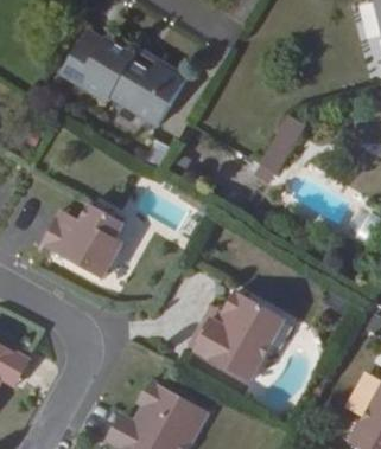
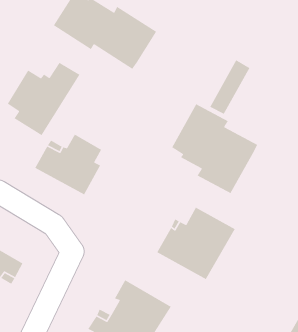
building: none -> [7,62,80,136]
building: none -> [171,103,258,194]

